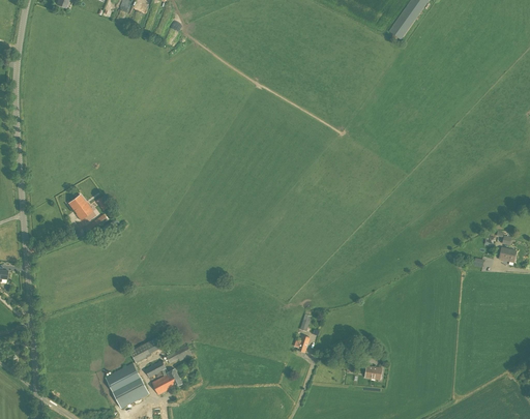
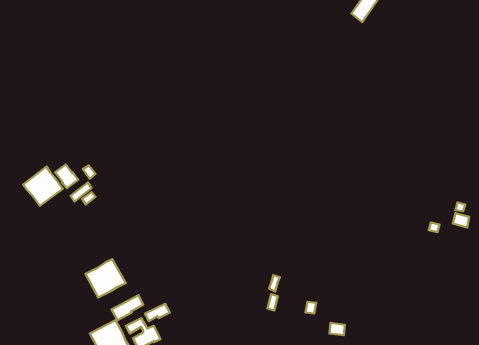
building: none -> [23,166,63,206]
building: none -> [86,259,126,298]

